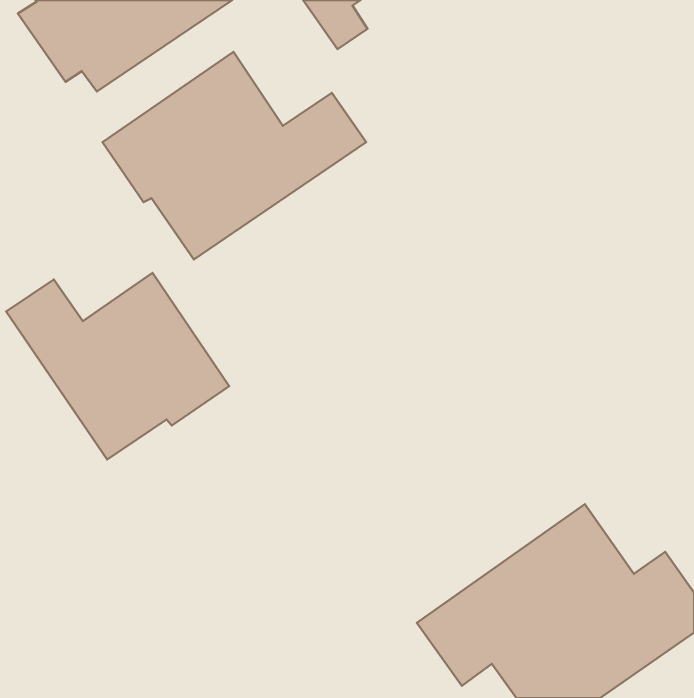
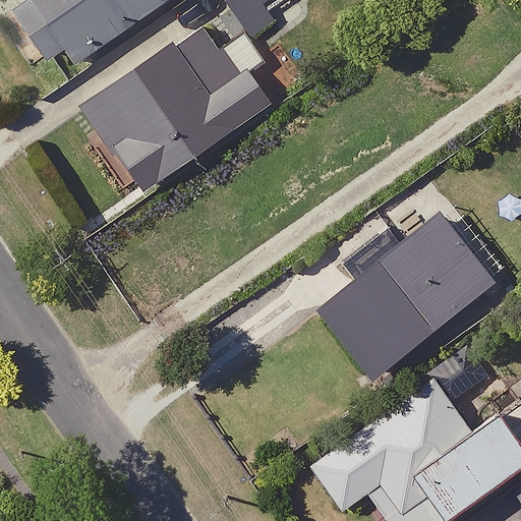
building: [6,273,229,460] -> none
building: none -> [317,211,497,379]

